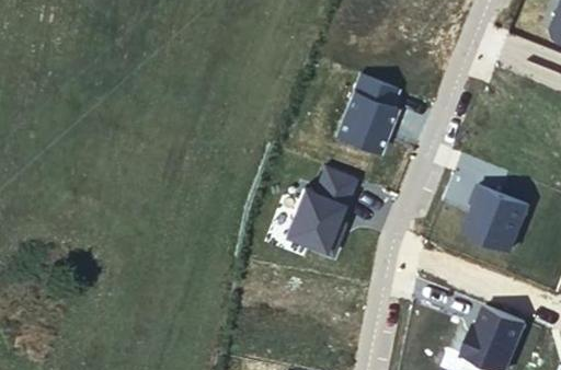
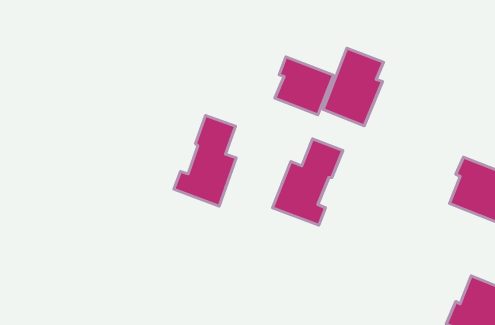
building: none -> [275,57,334,115]
building: none -> [174,115,236,206]

